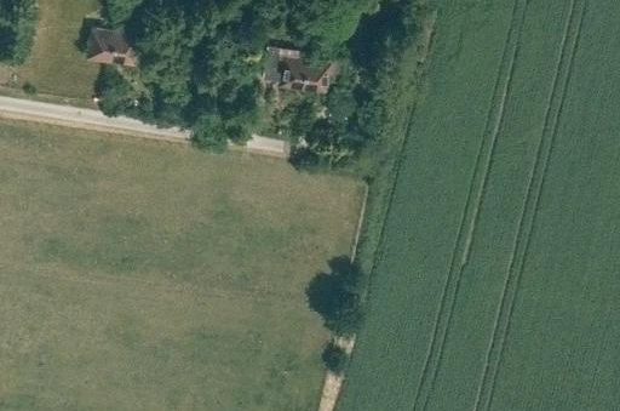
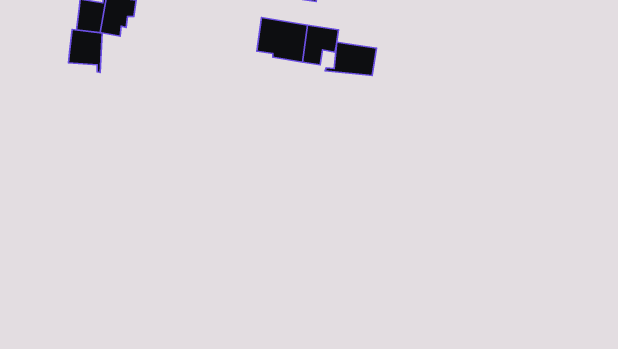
building: none -> [68,29,102,72]
building: none -> [325,42,377,76]

